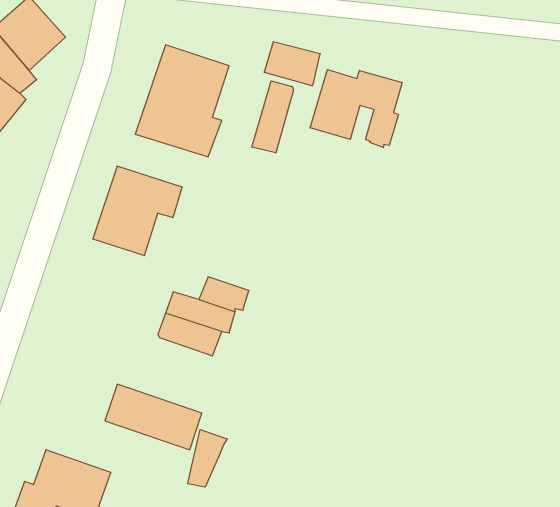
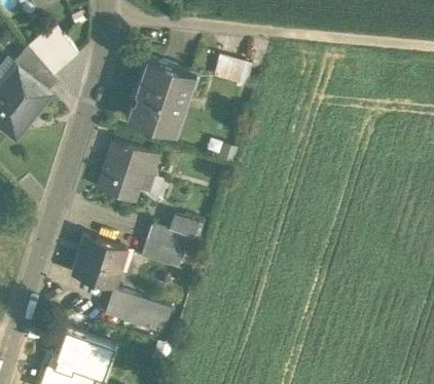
building: [310,70,402,148] -> none
building: [252,81,294,153] -> none
building: none -> [72,236,126,289]
building: [188,430,227,487] -> none

